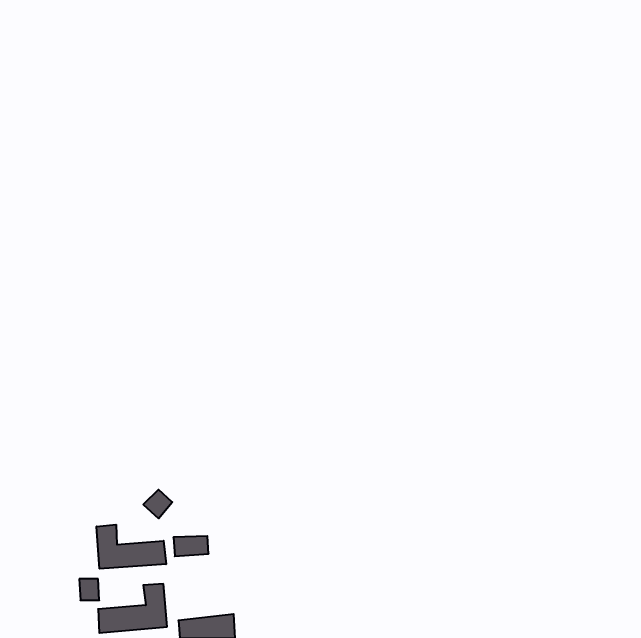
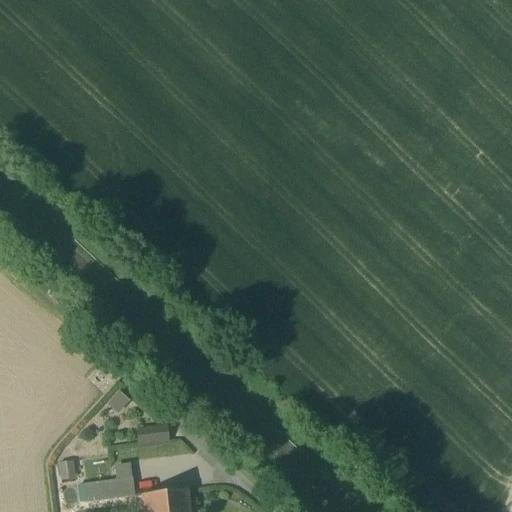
building: [97,525,166,569] -> none

